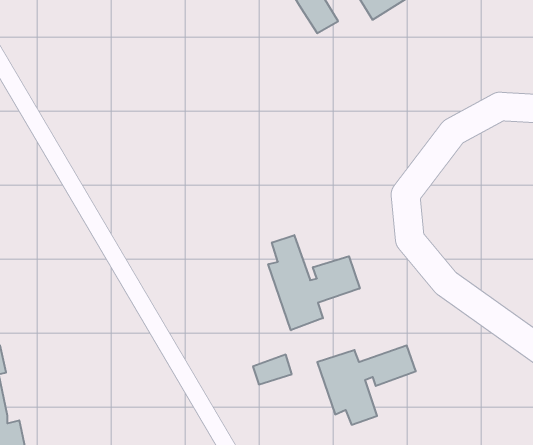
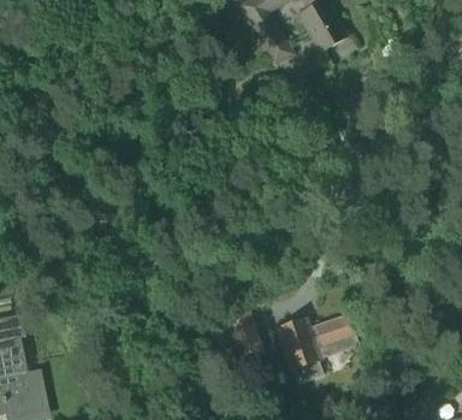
building: [268,235,360,330] -> none

